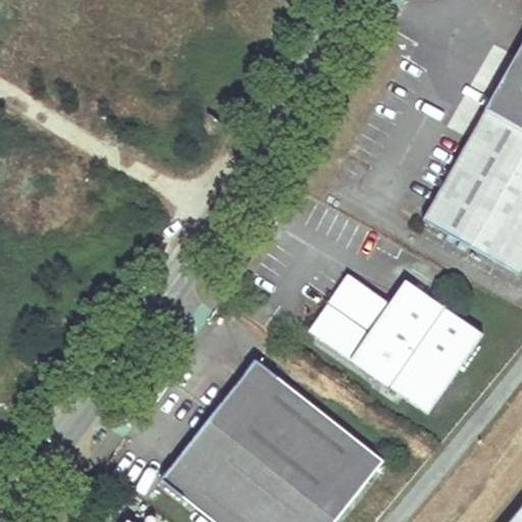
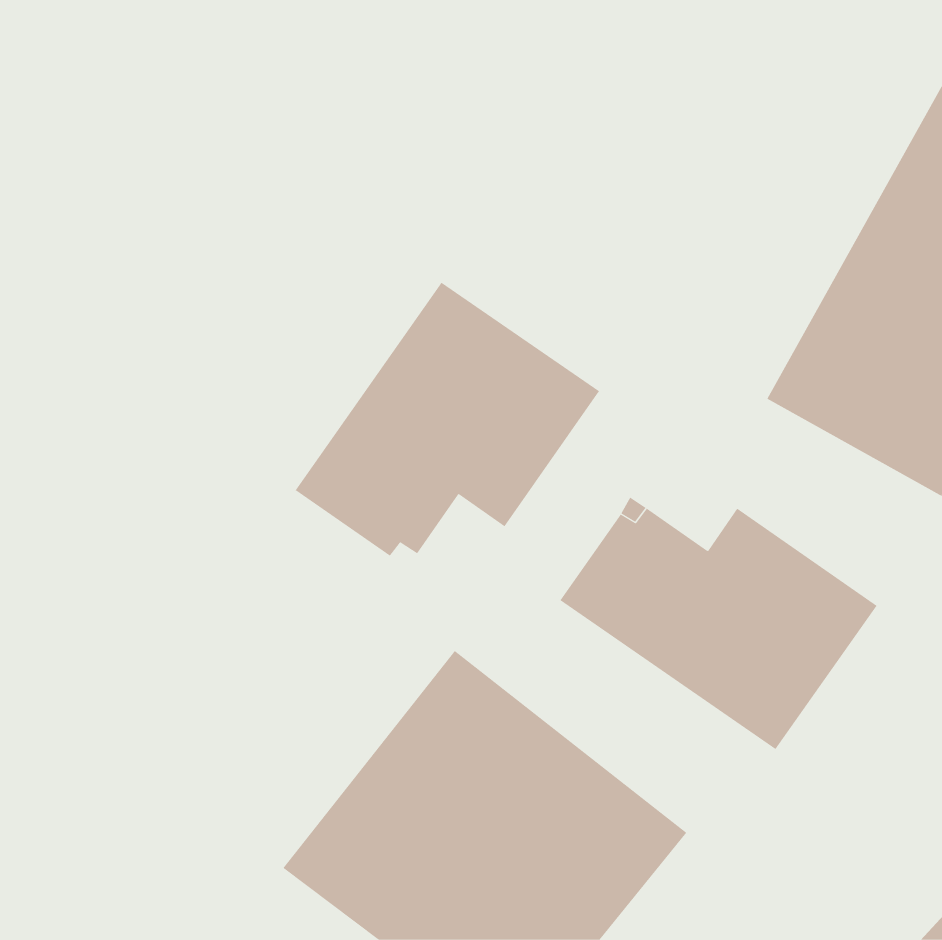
building: none -> [295,282,600,556]

